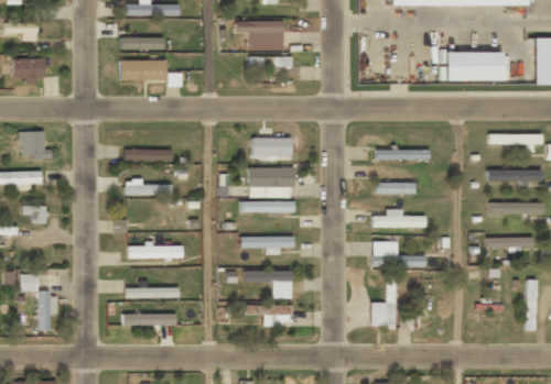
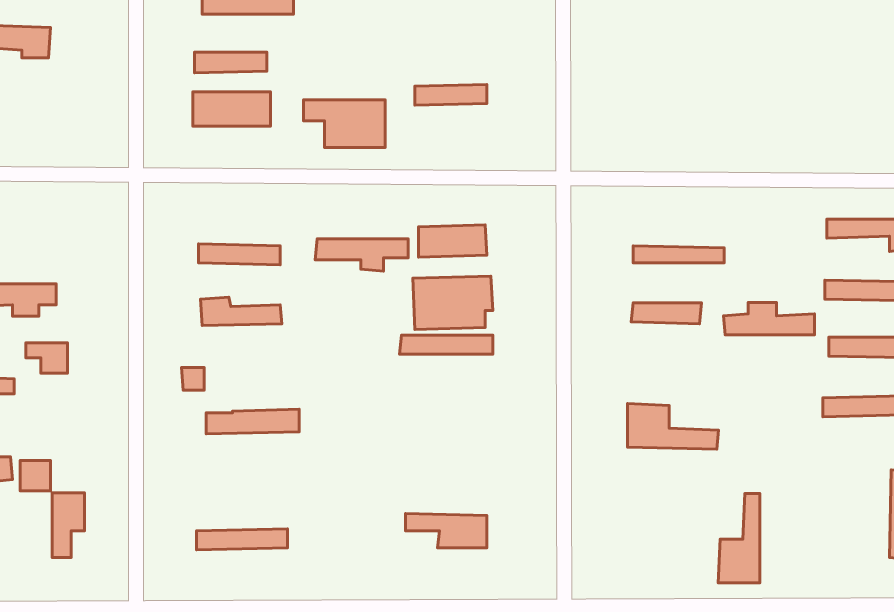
building: [237,21,284,48] -> [303,100,385,147]
building: [446,52,501,81] -> none
building: [14,58,46,84] -> none
building: [20,131,53,158] -> none
building: [372,209,425,228] -> [723,302,815,335]
building: [240,237,294,255] -> [315,239,408,271]
building: [245,271,292,299] -> none
building: [371,276,396,328] -> [718,493,760,583]
building: [126,281,179,298] -> none

